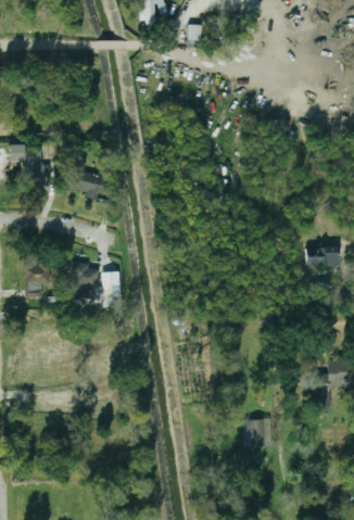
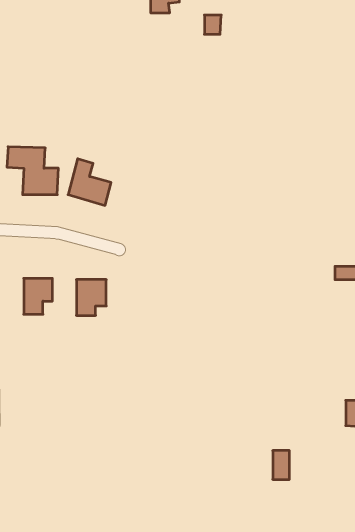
building: [101,271,119,306] -> none

